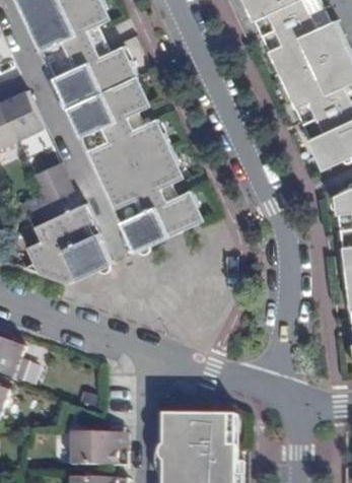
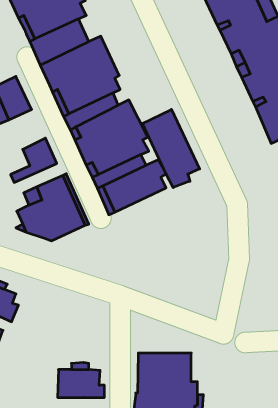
building: none -> [142,109,200,188]

